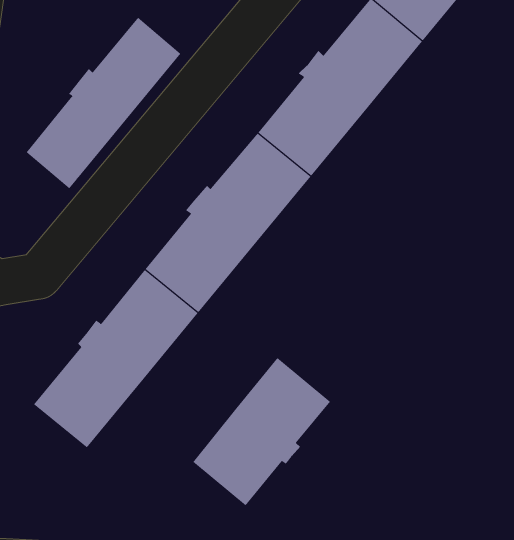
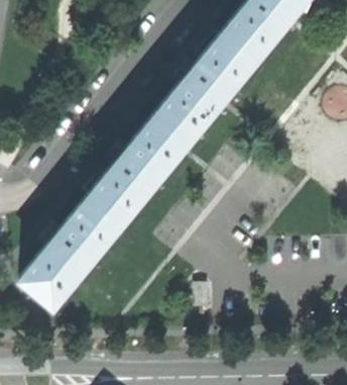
building: [26,17,181,189] -> none
building: [192,357,331,506] -> none

